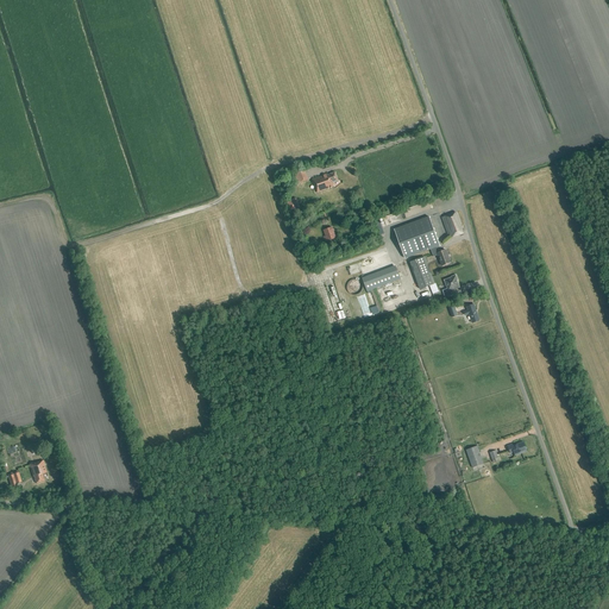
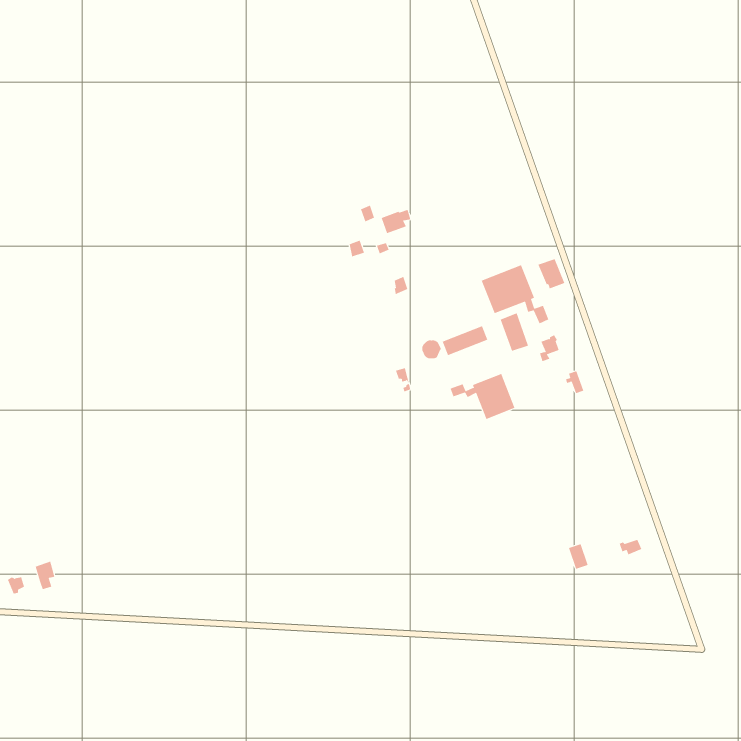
building: none -> [450,373,515,420]

